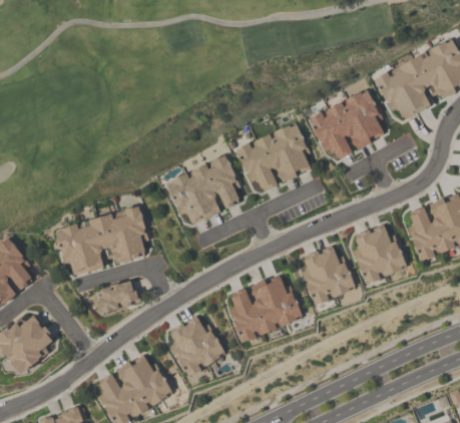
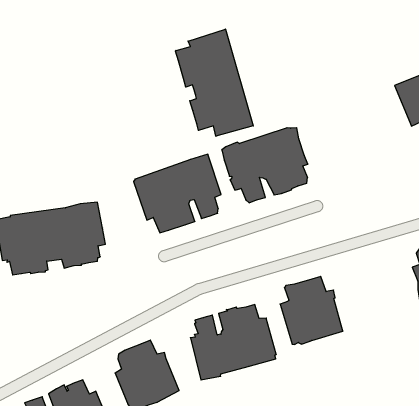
building: none -> [175,29,253,136]
building: [310,92,384,159] -> none
building: [352,226,407,285] -> none
building: [81,281,141,319] -> none

